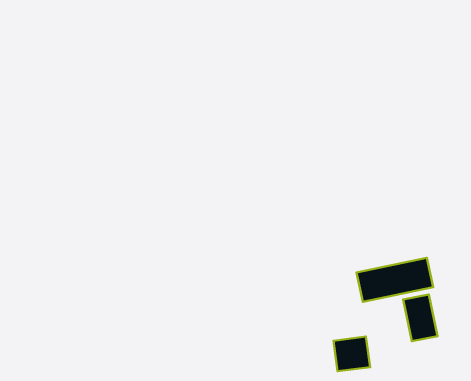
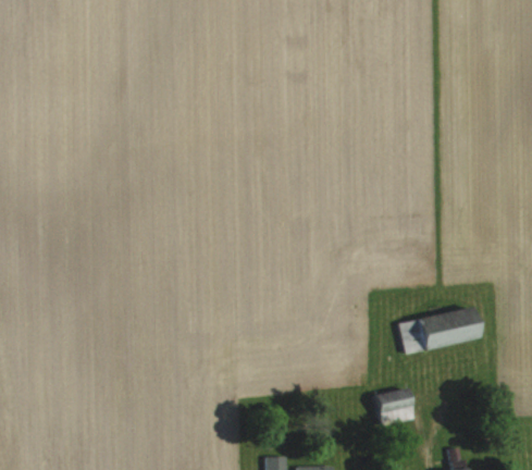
building: [403,295,438,341] -> none

